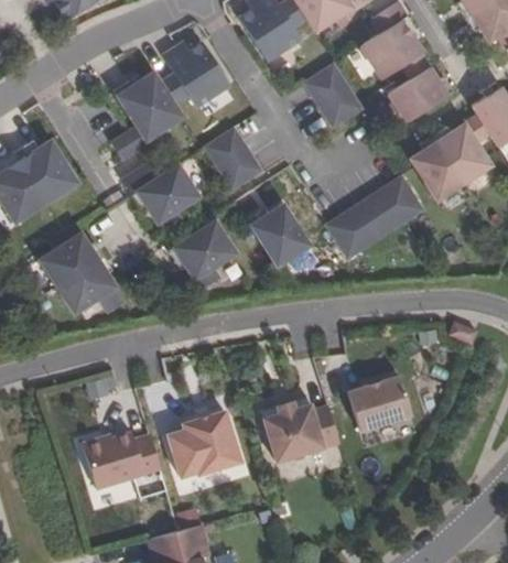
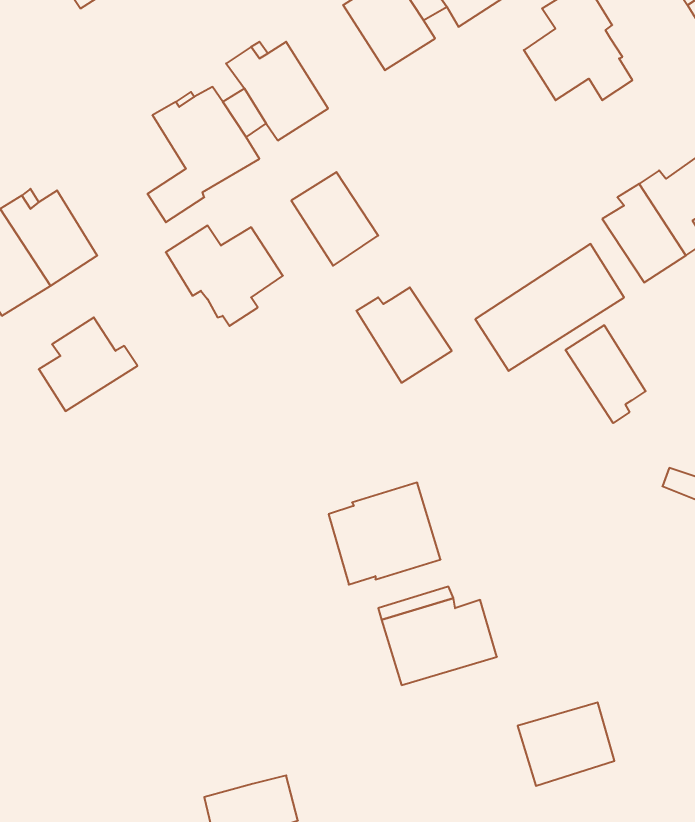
building: [303,64,360,126] -> none
building: [388,67,454,122] -> none
building: [169,221,235,290] -> none
building: none -> [566,325,646,423]
building: [56,256,125,314] -> none
building: [348,376,412,431] -> [518,702,614,786]
building: [167,412,241,479] -> [329,483,441,585]
building: [82,433,160,489] -> none

